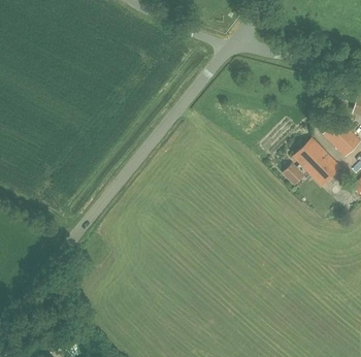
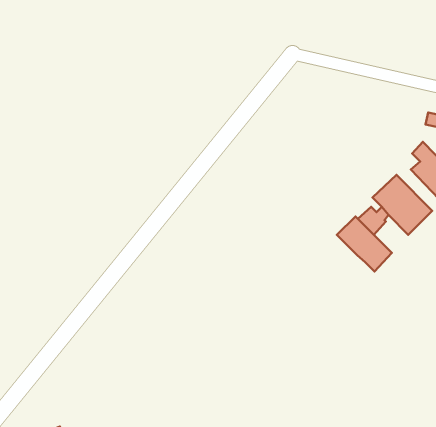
building: none -> [337,217,392,272]

